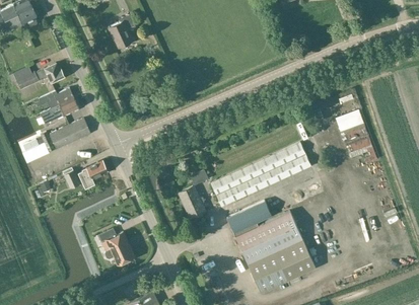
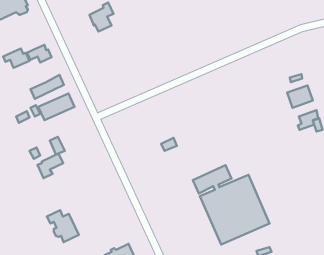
building: [38,88,73,108] -> none
building: [210,143,310,207] -> none
building: [77,160,107,188] -> [37,153,63,178]
building: [179,185,204,218] -> none
building: [97,228,134,264] -> [47,210,79,242]

